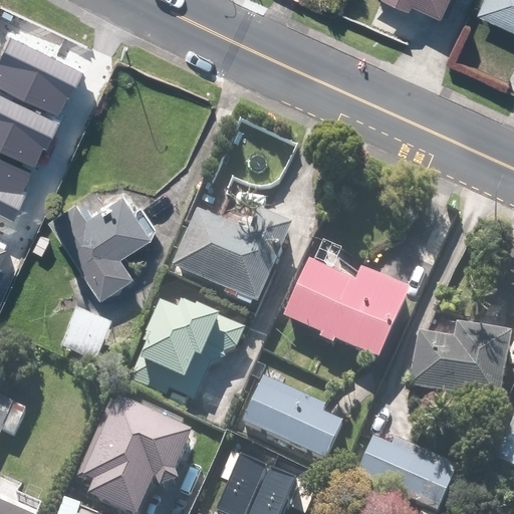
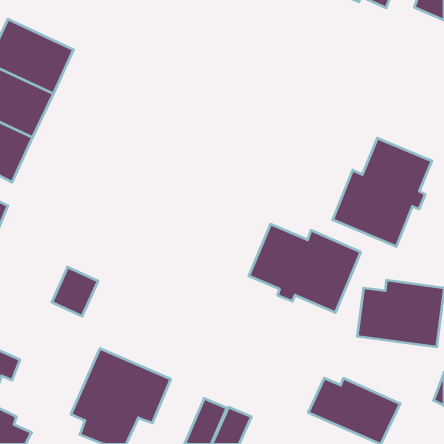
building: none -> [333,138,432,247]
building: [49,185,156,290] -> none
building: [172,207,292,302] -> none
building: [131,303,245,407] -> none
building: [243,375,345,459] -> none

